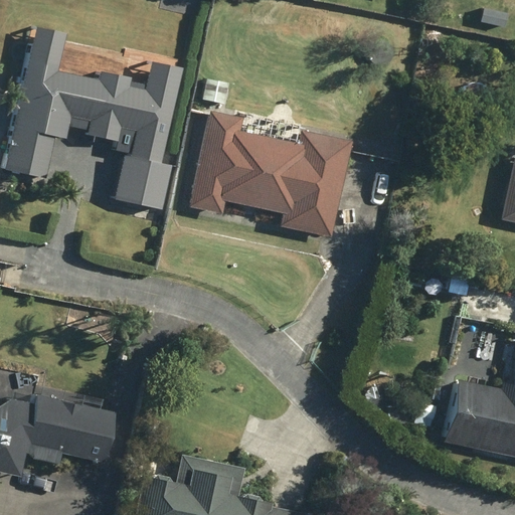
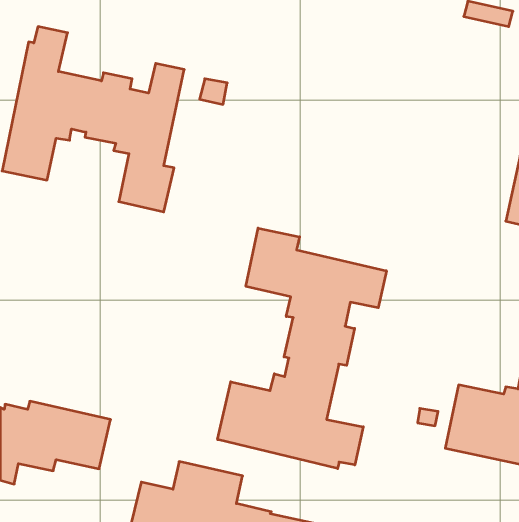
building: [187,110,349,236] -> none
building: none -> [218,228,386,469]

